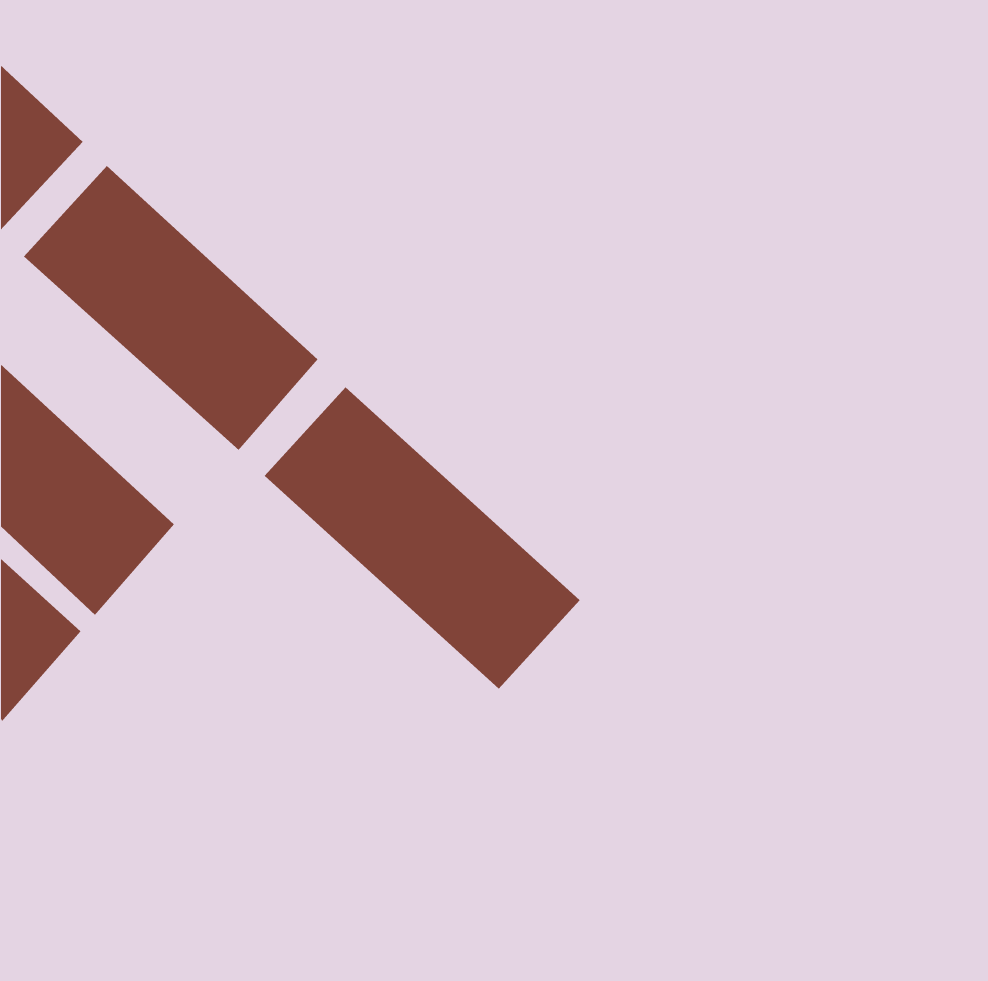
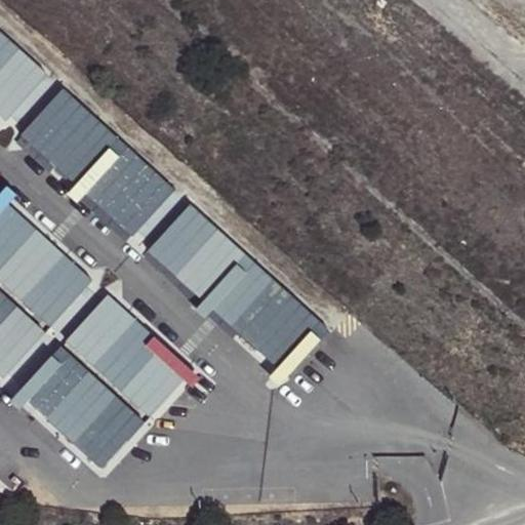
building: none -> [68,290,191,412]
building: none -> [21,346,146,468]

